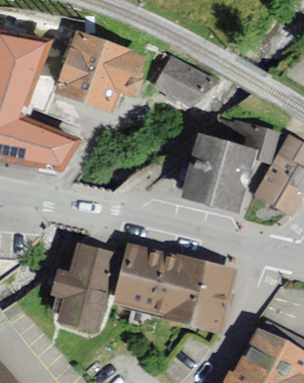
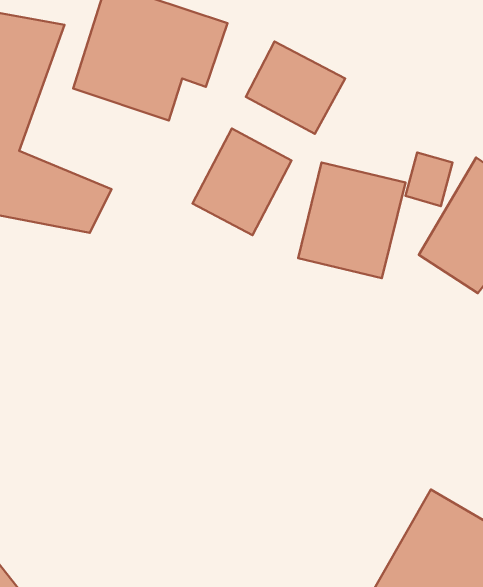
building: none -> [192,129,292,235]
building: [50,248,114,333] -> none
building: [112,250,235,333] -> none

